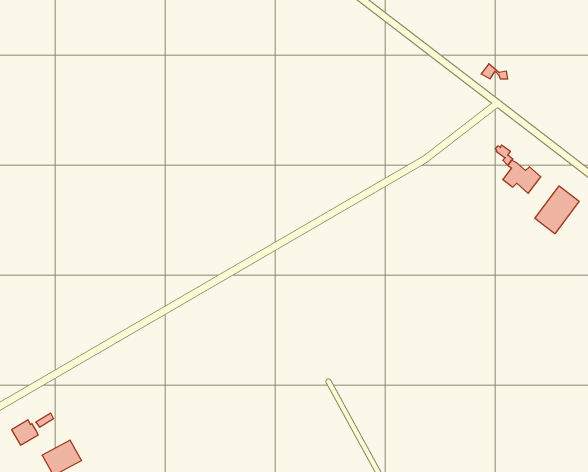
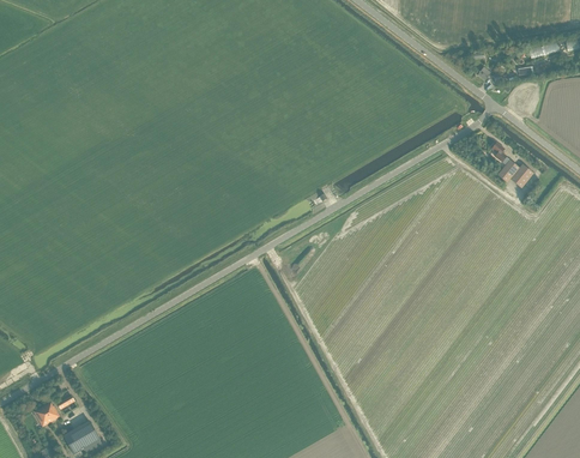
building: [535,186,579,234] -> none

